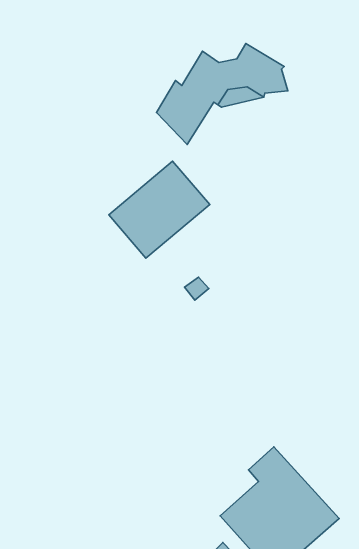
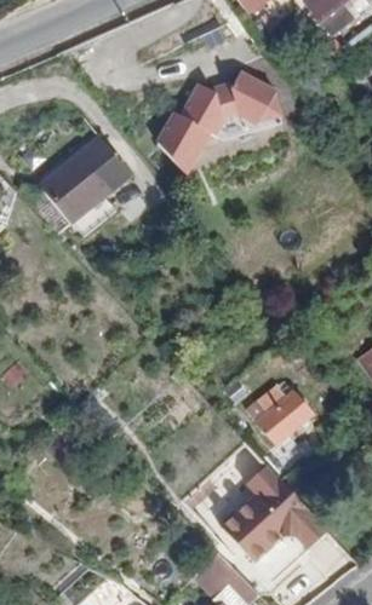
building: [109,161,210,258] -> [36,136,132,227]
building: none -> [259,391,310,444]

